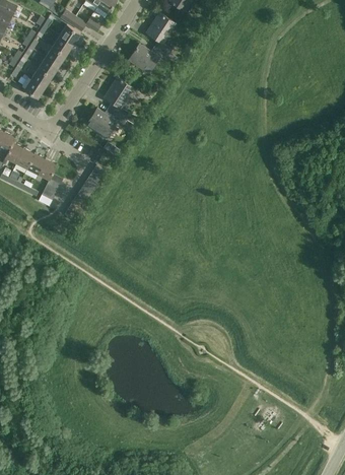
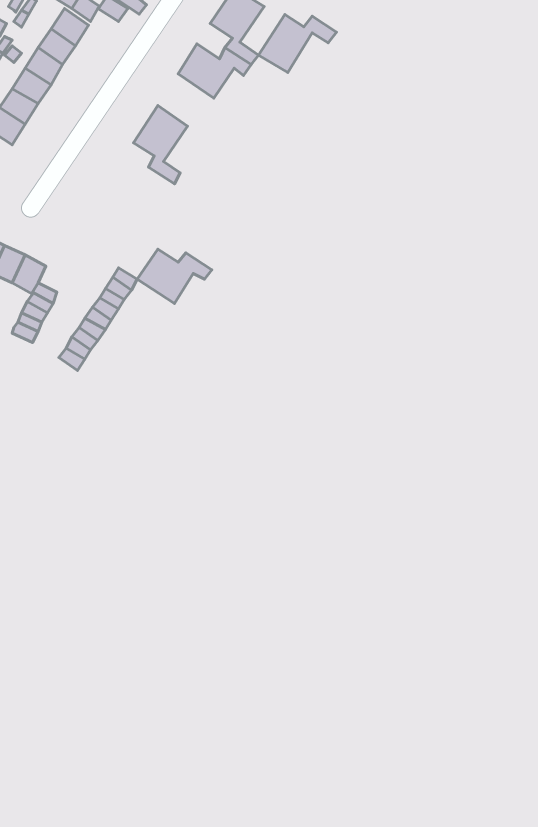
building: none -> [259,14,337,73]
building: [86,109,127,138] -> [137,249,212,303]

